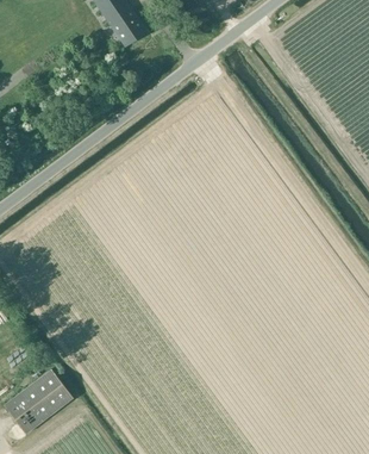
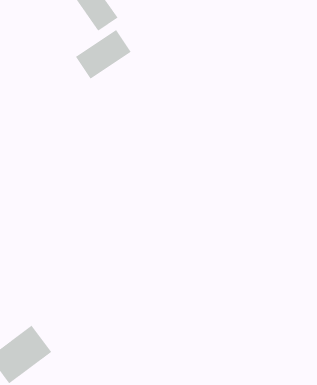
building: none -> [75,29,131,79]

